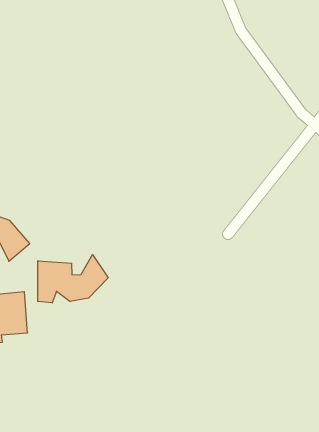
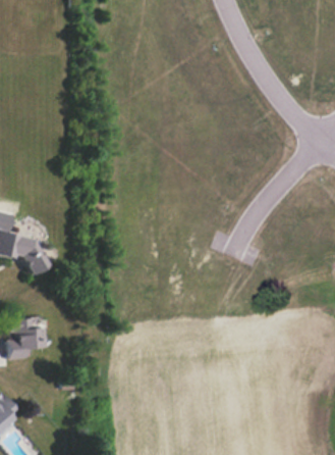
building: [38,255,108,303] -> none

